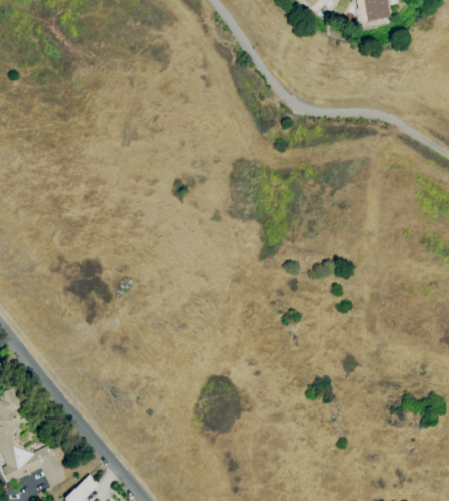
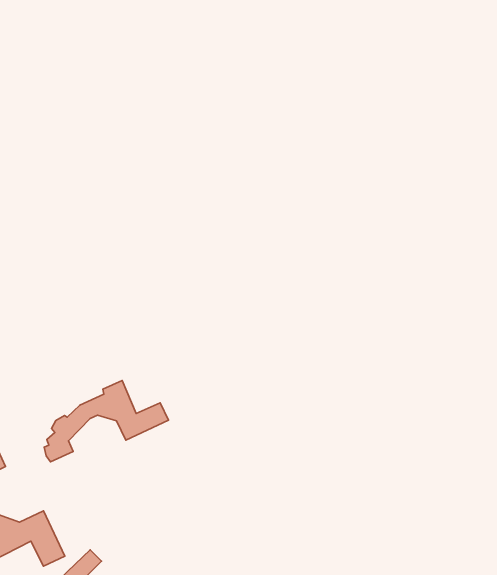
building: none -> [44,381,168,462]

